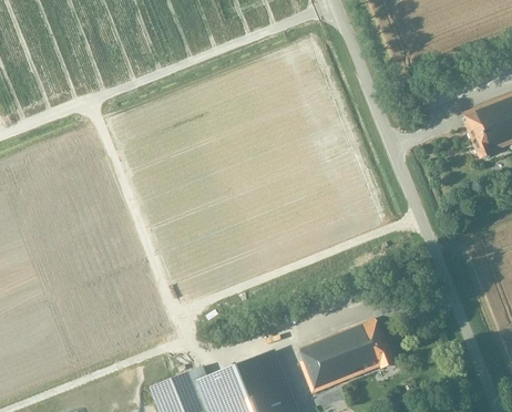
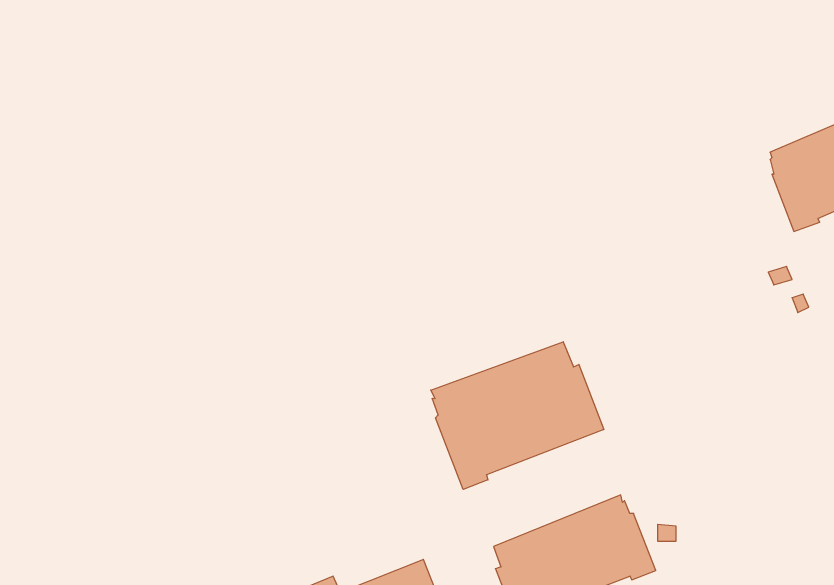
building: none -> [431,342,604,489]

